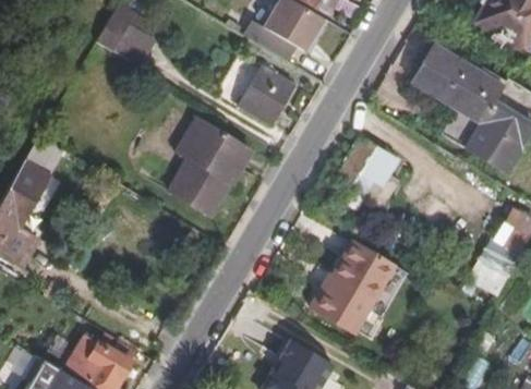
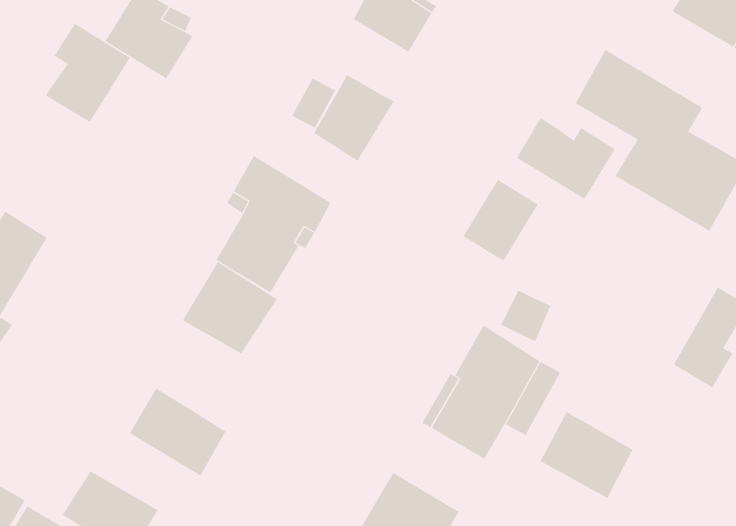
building: none -> [45,23,131,123]
building: none -> [516,117,616,200]
building: none -> [182,261,277,354]
building: none -> [129,387,226,477]
building: none -> [540,411,633,499]

